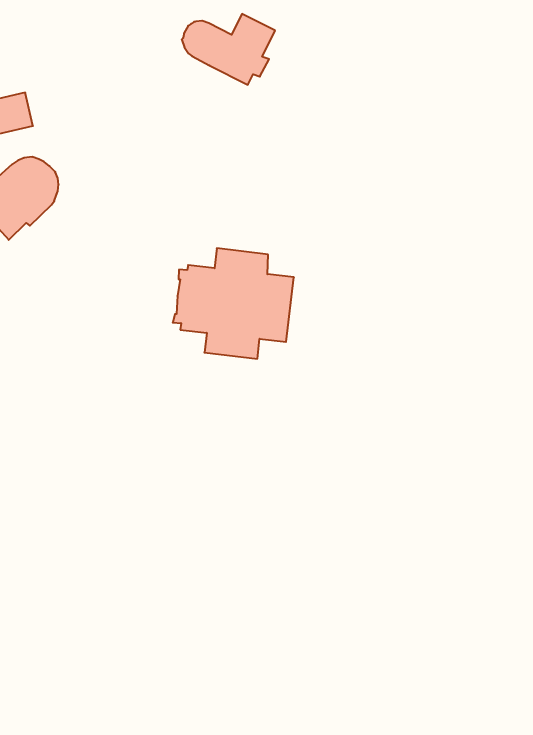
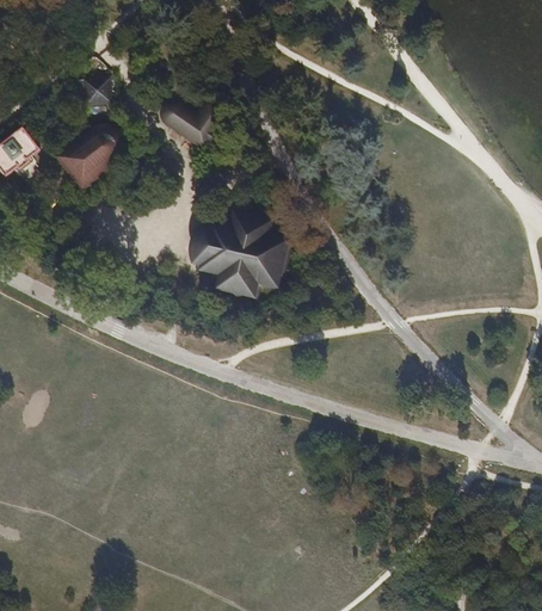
building: [182,14,275,85] -> [158,103,227,155]

